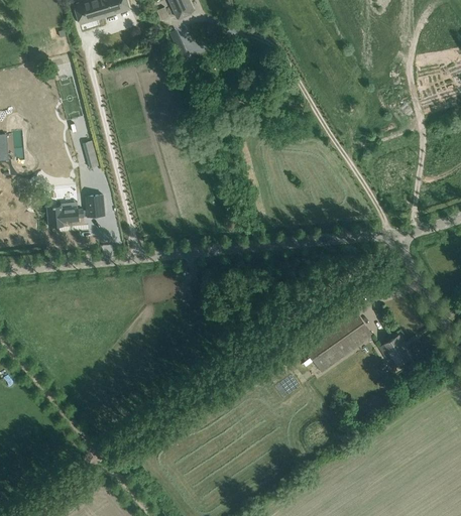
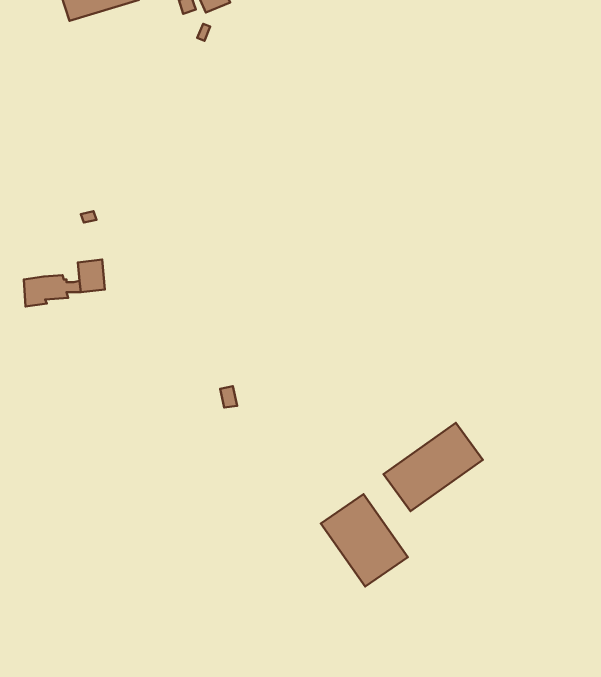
building: [380,335,413,367] -> none
building: none -> [321,494,408,586]

